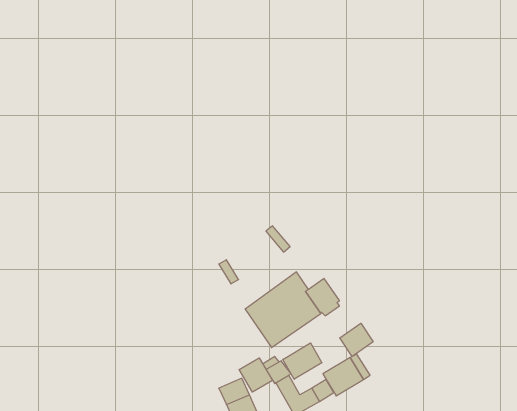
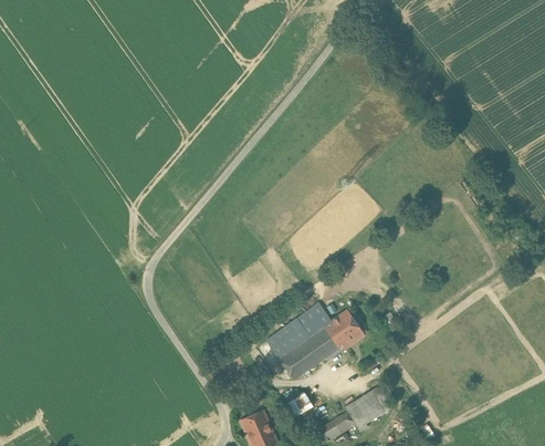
building: [340,323,373,357] -> none
building: [283,343,322,379] -> none
building: [239,358,272,392] -> none

